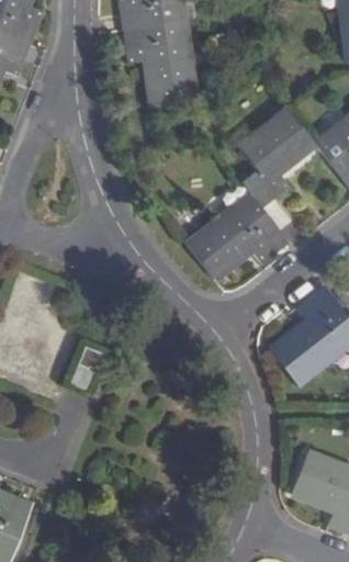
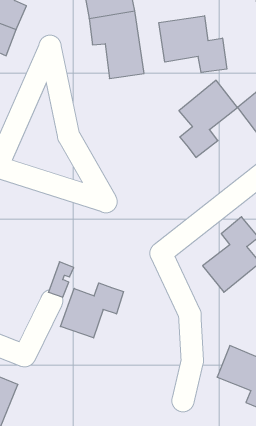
building: none -> [159,16,227,73]
building: [187,195,288,281] -> none
building: none -> [60,283,124,338]

